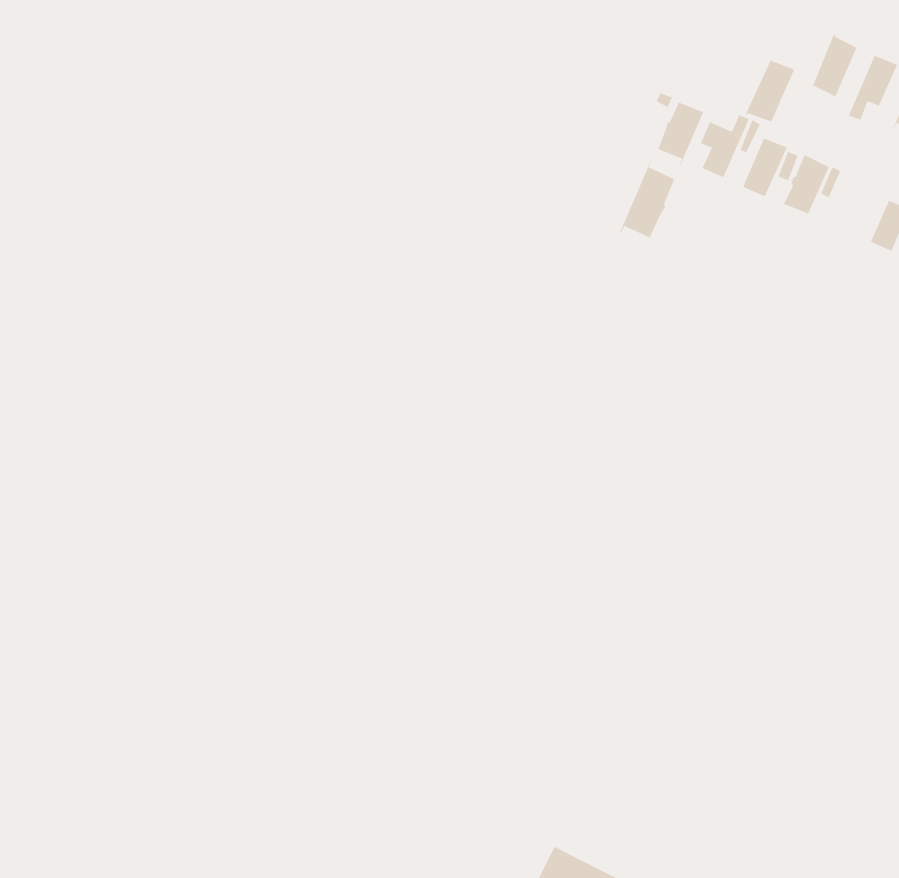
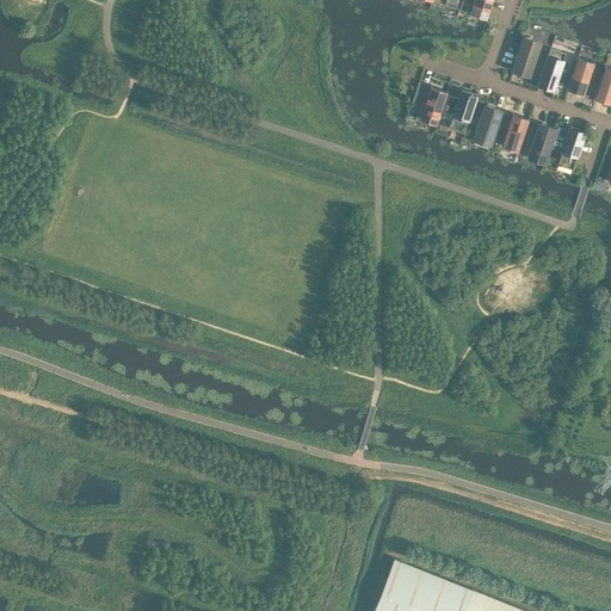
building: [744,60,795,122] -> none
building: [619,159,675,239] -> none
building: none -> [529,125,556,166]

